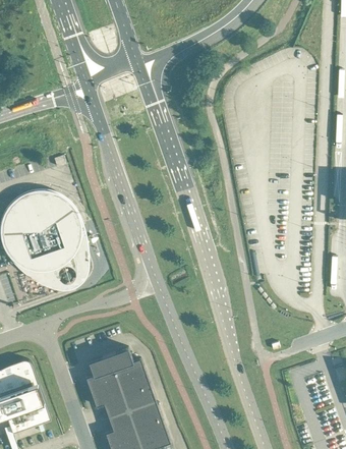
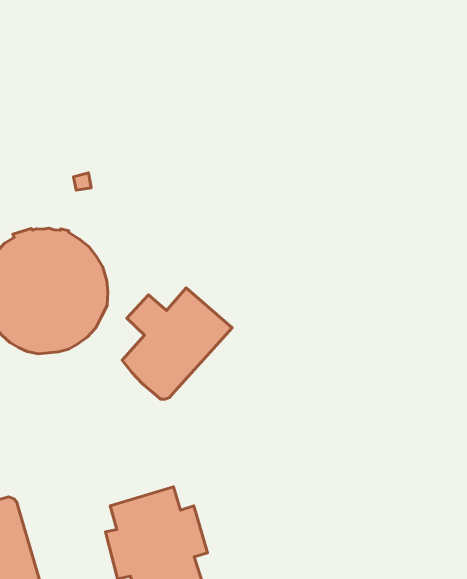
building: none -> [122,288,232,399]

